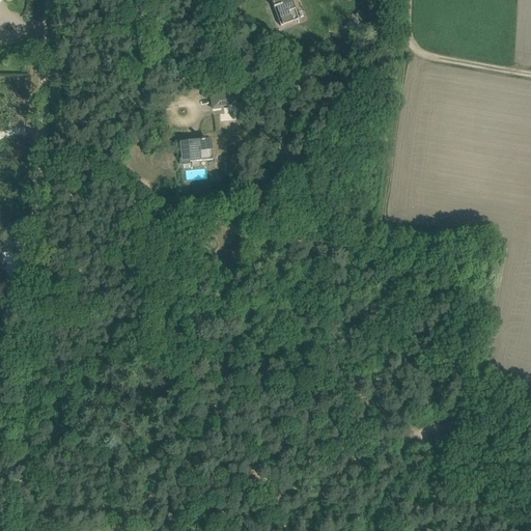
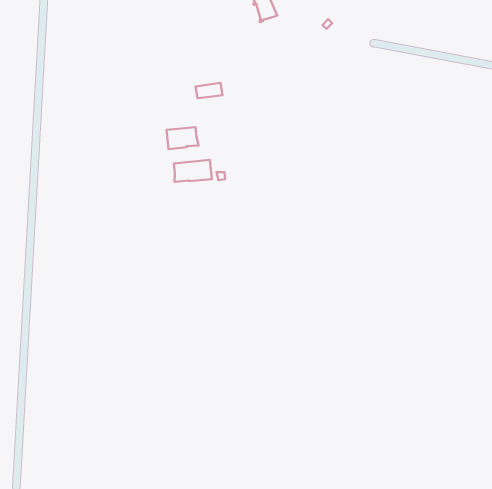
building: none -> [174,160,212,182]

